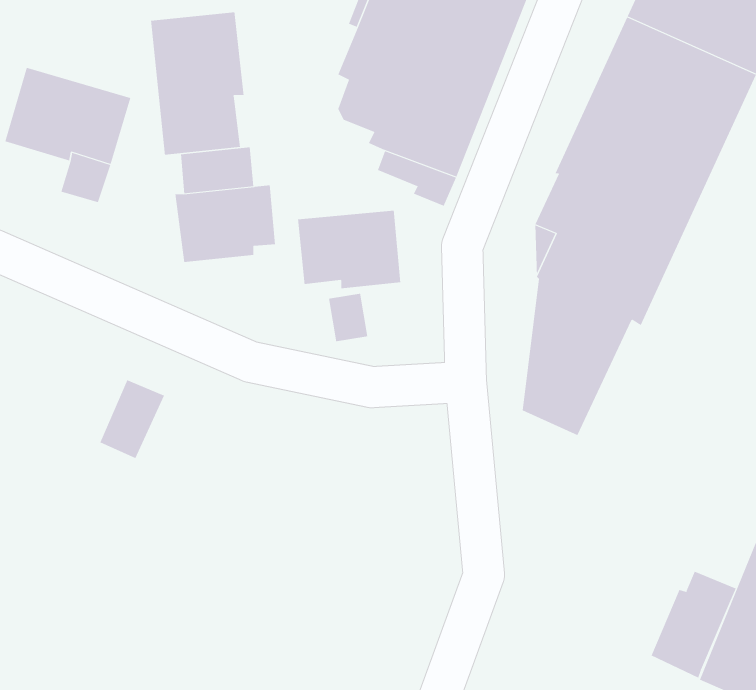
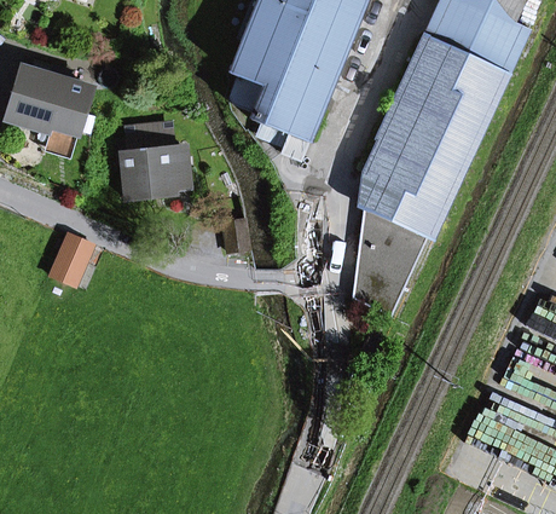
building: [151,12,244,156] -> none
building: [298,210,401,289] -> none
building: [100,379,165,459] -> [52,231,95,284]
building: [651,571,737,679] -> none

